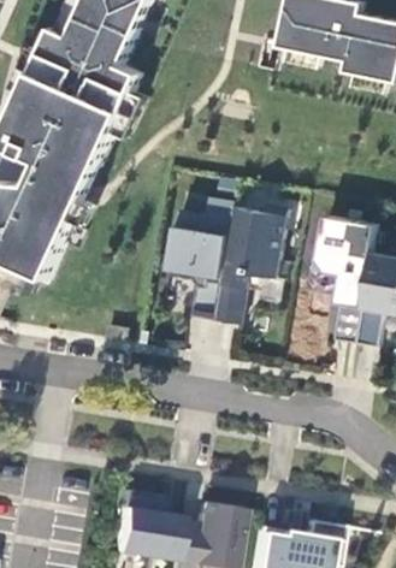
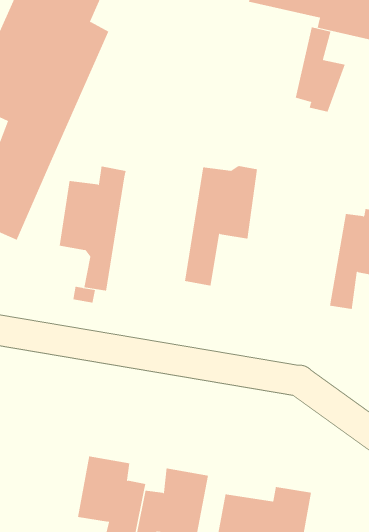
building: none -> [295,27,345,112]
building: [166,196,232,319] -> [59,166,126,291]
building: [317,215,376,343] -> none

